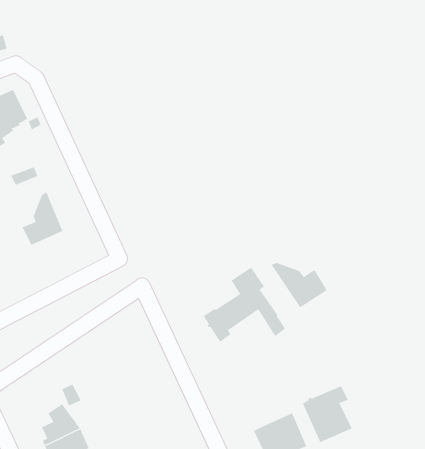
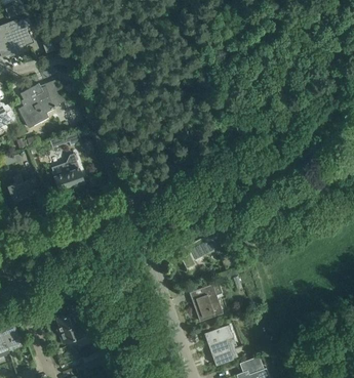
building: [271,262,327,308] -> none
building: [302,386,352,443] -> [189,283,223,322]

